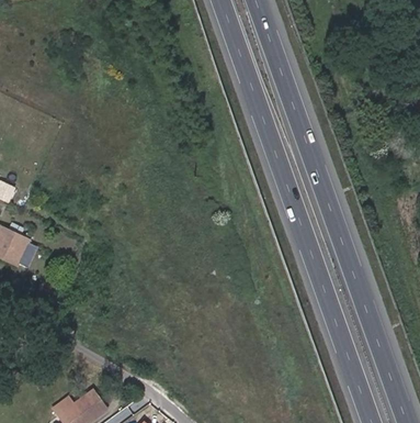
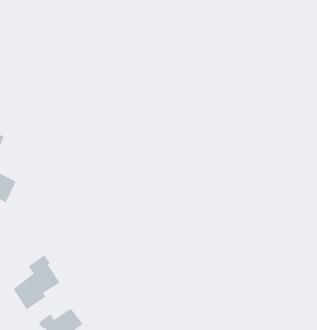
building: none -> [13,254,60,310]

